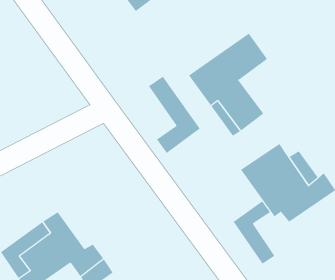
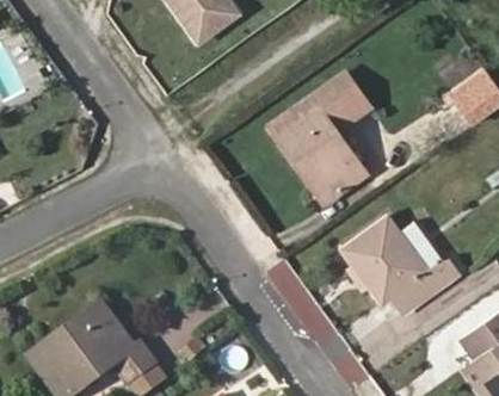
building: [148,76,201,154] -> none
building: [233,201,275,265] -> none

